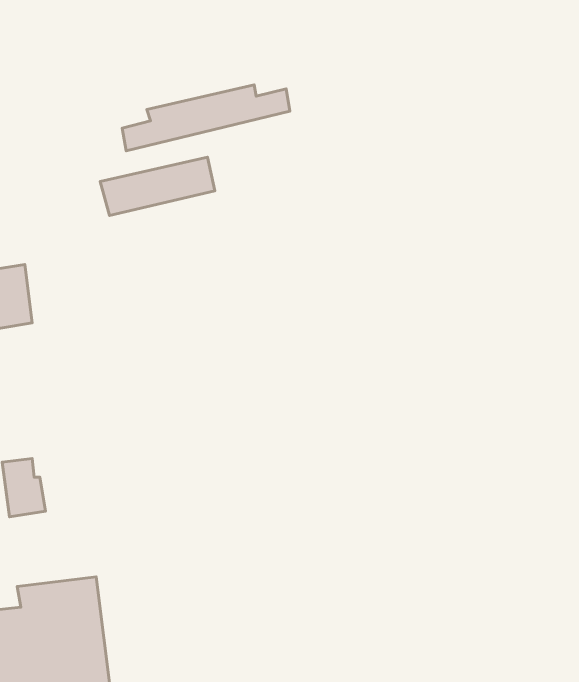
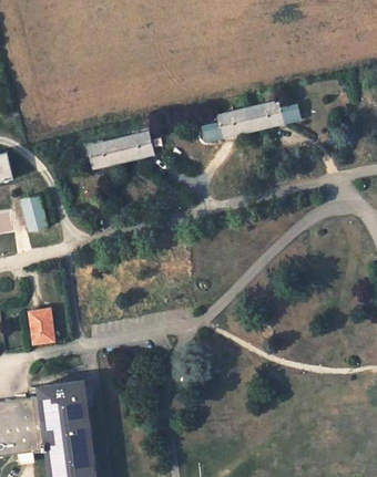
building: [122,85,290,151] -> [202,101,300,139]

